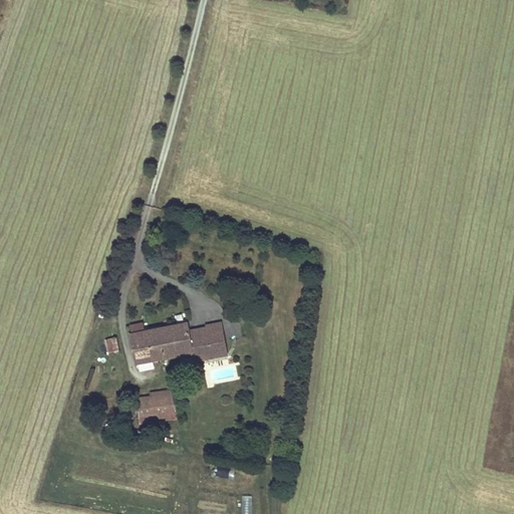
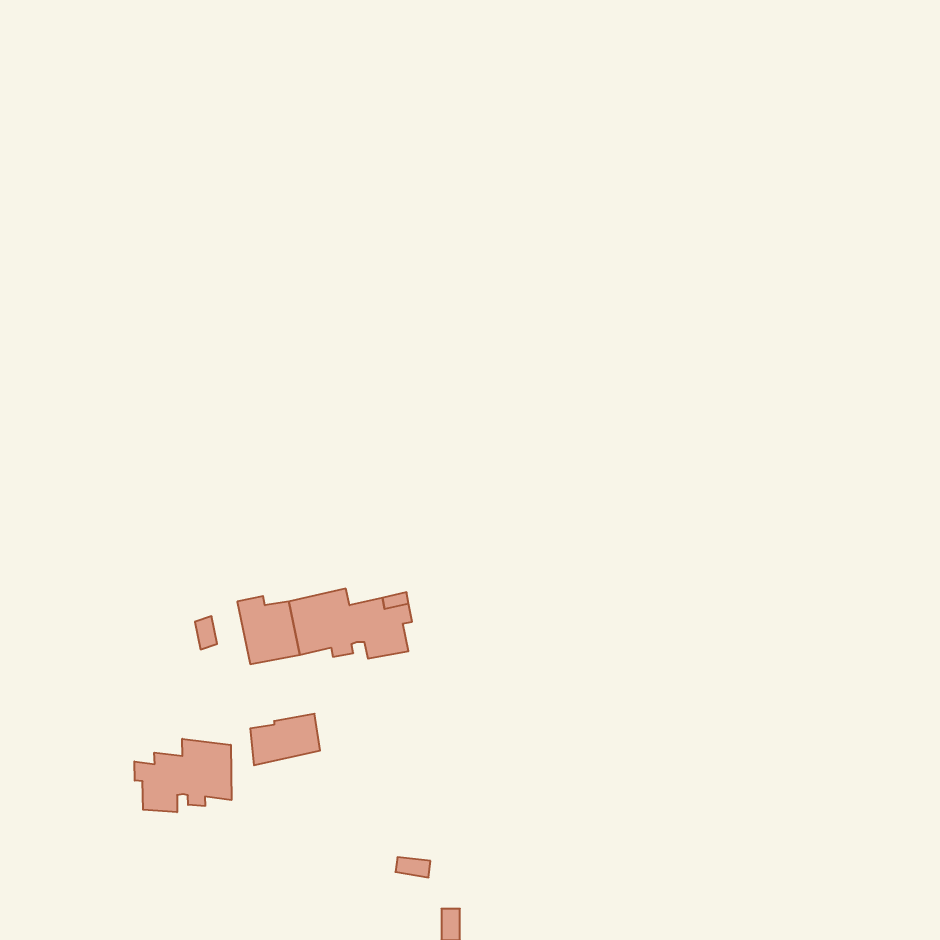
building: none -> [134,739,231,812]

